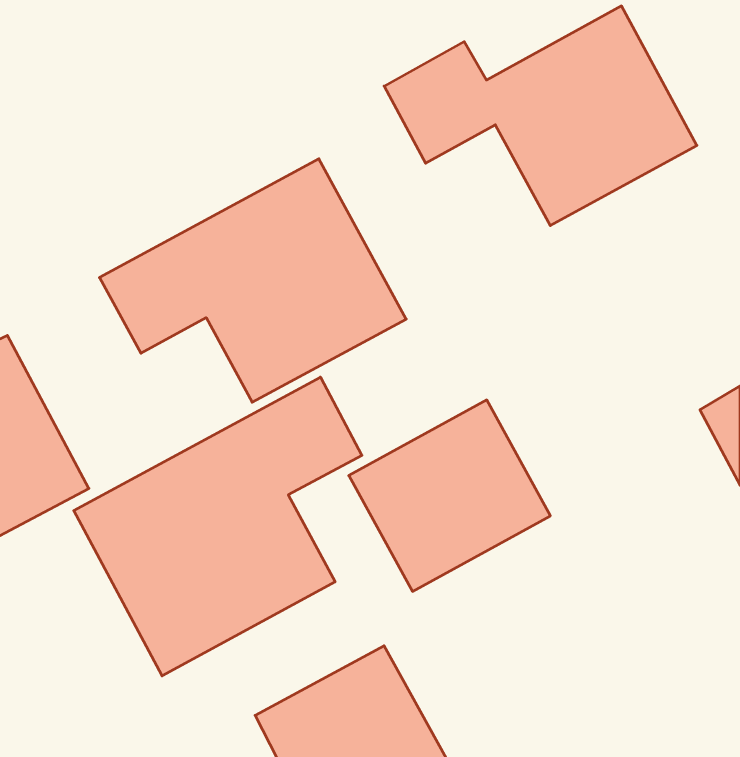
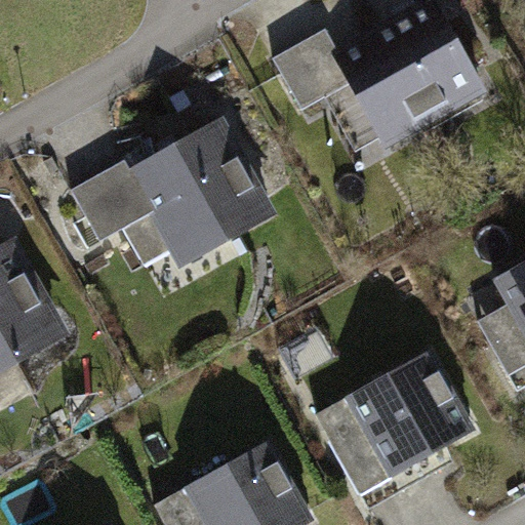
building: [74,377,362,676] -> none
building: [349,400,550,591] -> [333,349,473,481]

